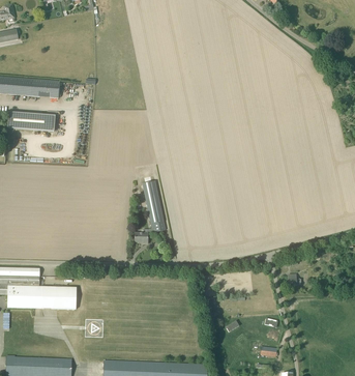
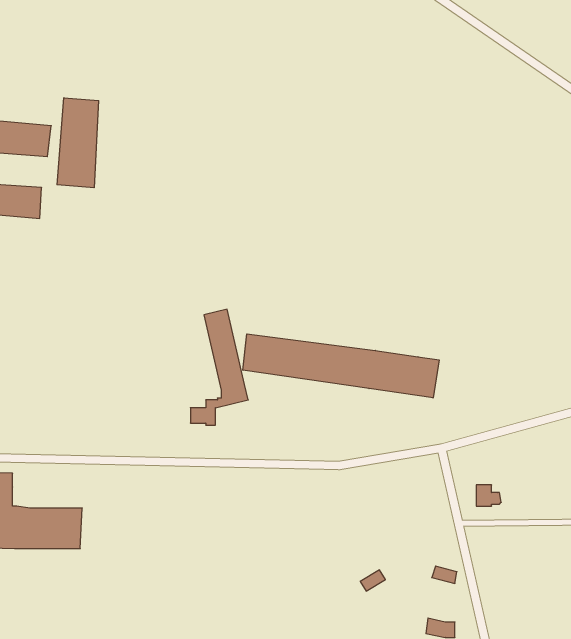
building: none -> [57,98,99,188]
building: none -> [243,334,439,398]

